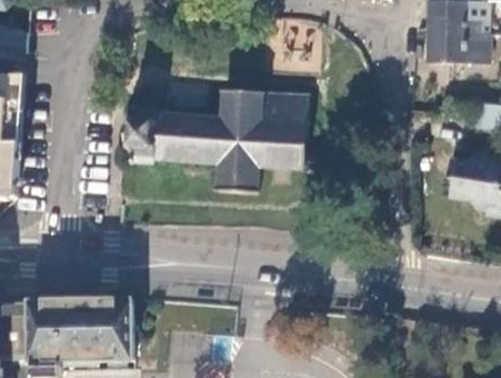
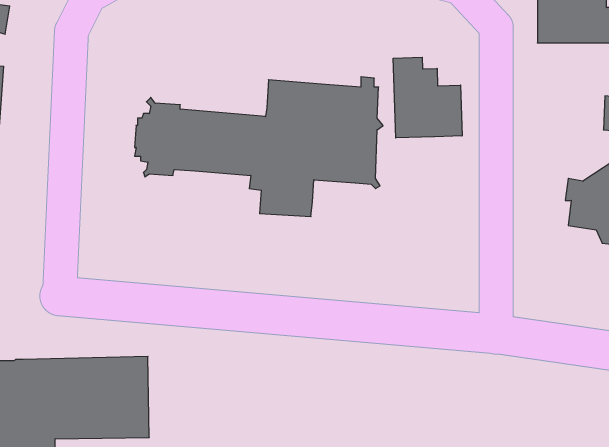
building: none -> [393,57,462,138]

